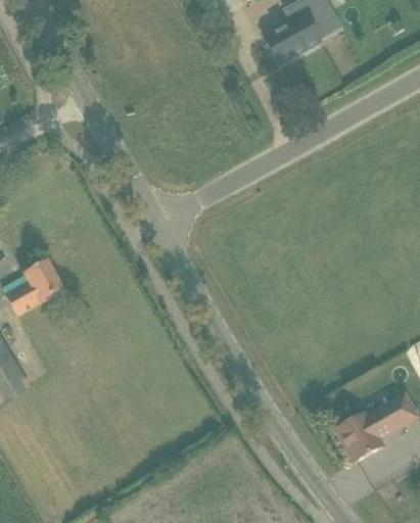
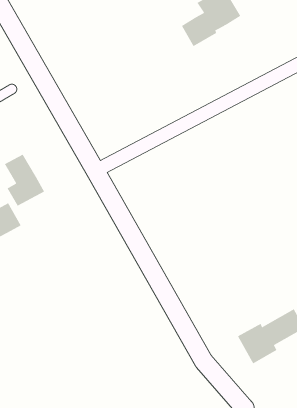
building: none -> [4,154,45,206]

